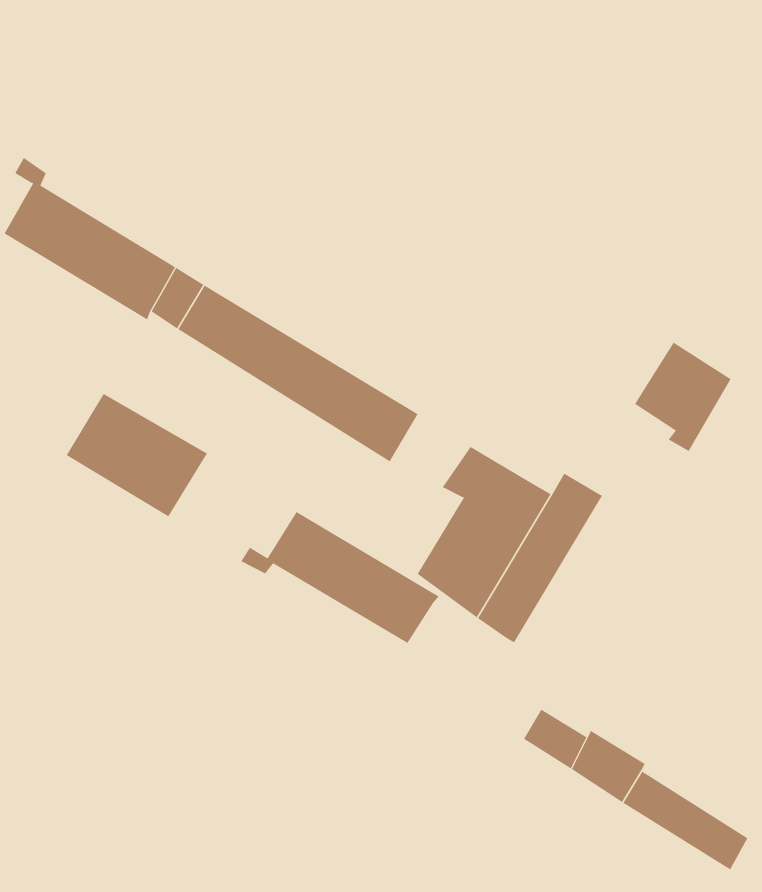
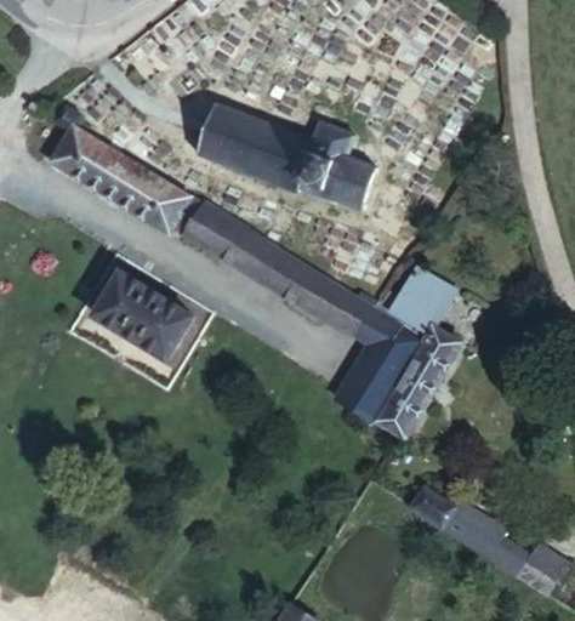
building: none -> [197,102,380,217]
building: [634,342,732,452] -> [389,264,456,340]
building: none -> [317,285,371,335]
building: [240,511,439,644] -> none

